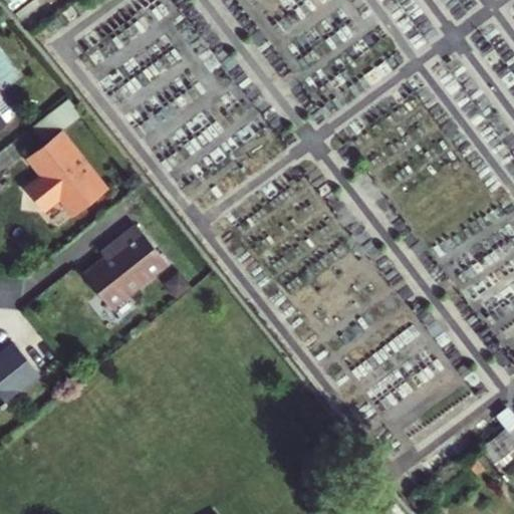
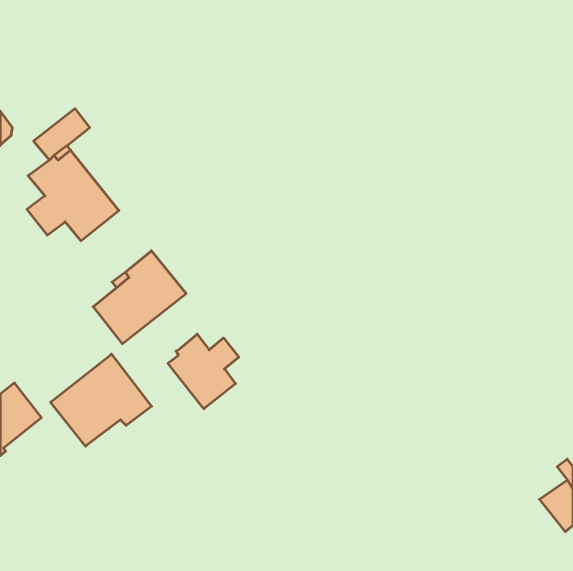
building: none -> [168,334,239,409]
building: none -> [51,354,152,446]

